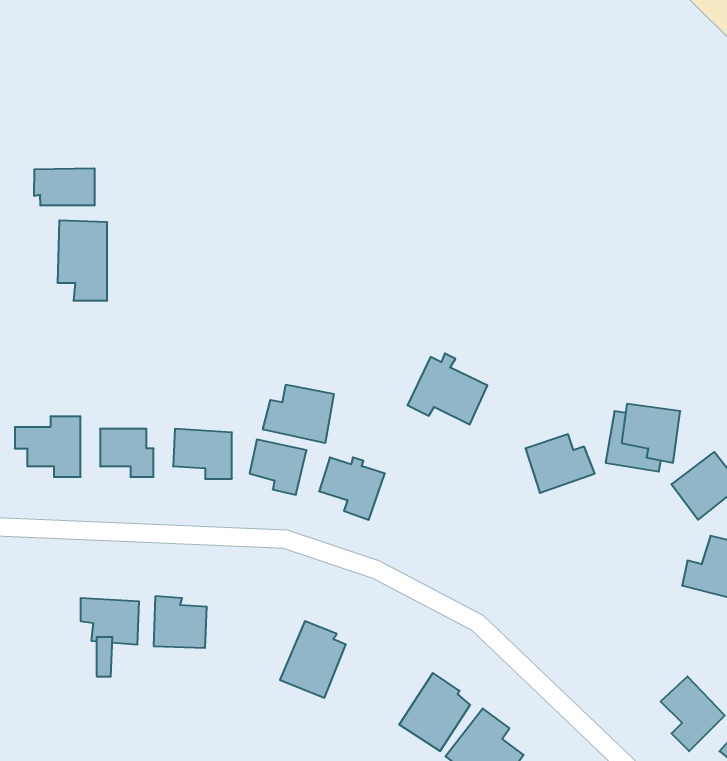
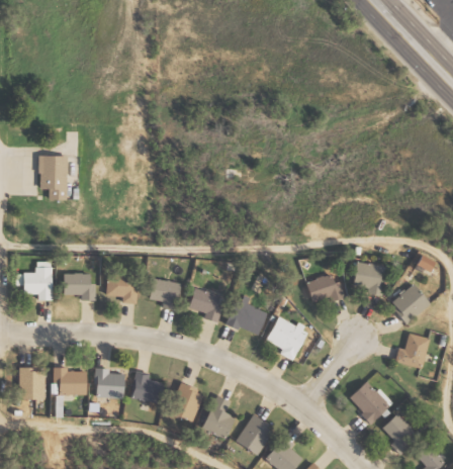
building: [34,168,94,206] -> none
building: [407,353,487,425] -> [222,296,268,337]
building: [263,385,334,443] -> none
building: none -> [265,317,308,362]
building: none -> [17,367,44,399]
building: none -> [129,369,167,403]
building: none -> [351,382,388,424]
building: none -> [202,394,235,437]

